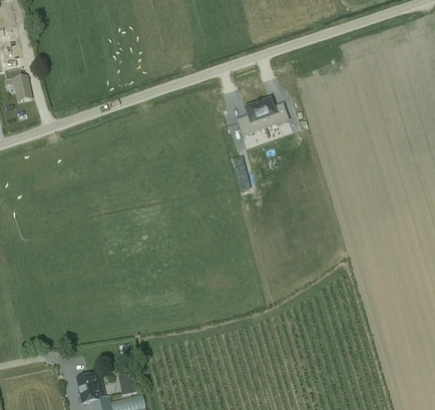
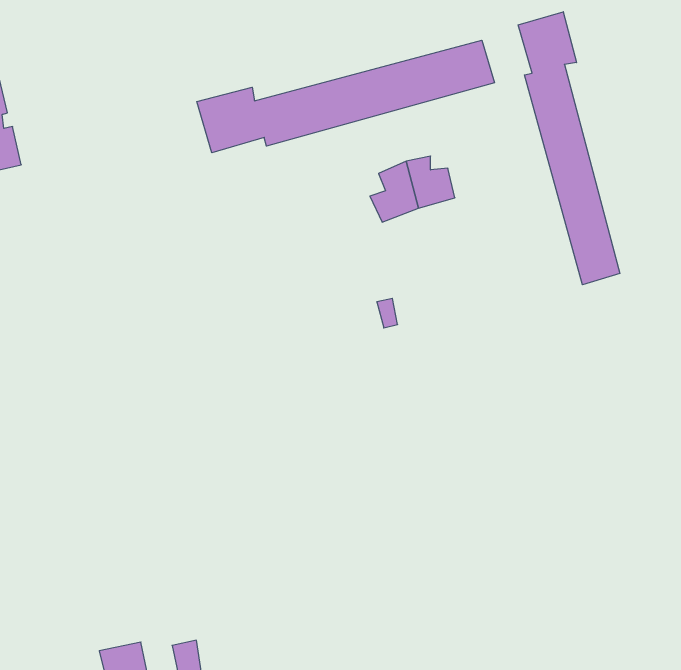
building: none -> [518,12,620,285]
building: none -> [197,40,494,153]

